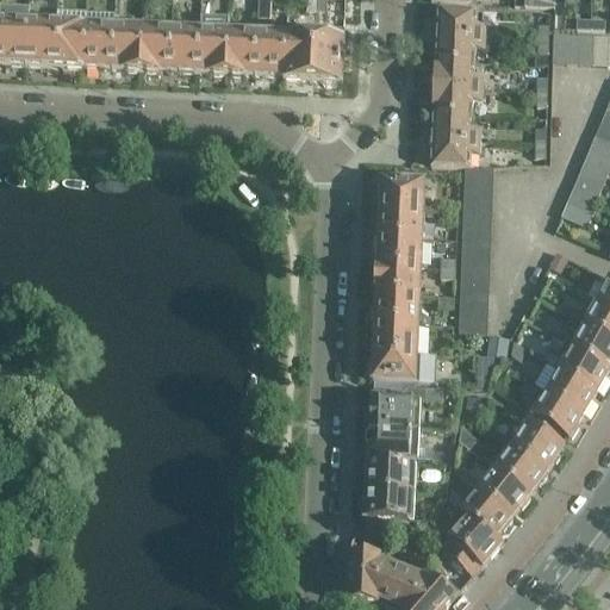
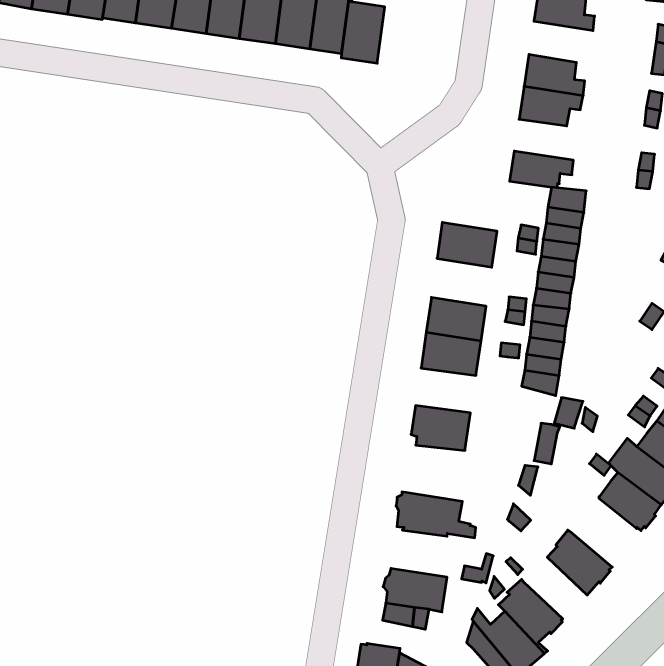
building: [436,29,486,58] -> none
building: [313,30,344,77] -> none
building: [432,110,483,138] -> none
building: [380,174,427,203] -> none
building: [378,230,424,264] -> none
building: [374,320,421,353] -> none
building: [367,384,443,425] -> none
building: [511,417,565,466] -> none
building: [365,458,417,488] -> none
building: [477,462,530,512] -> none

